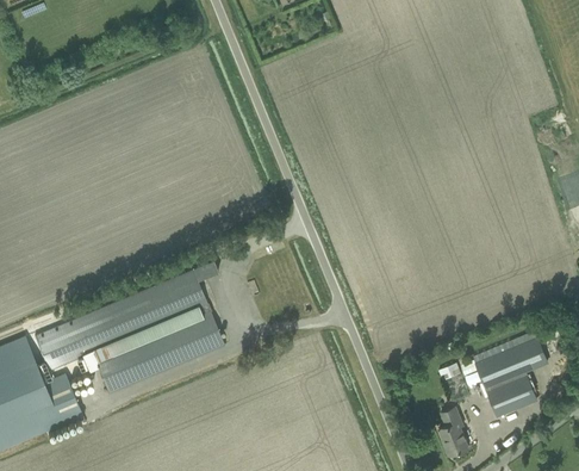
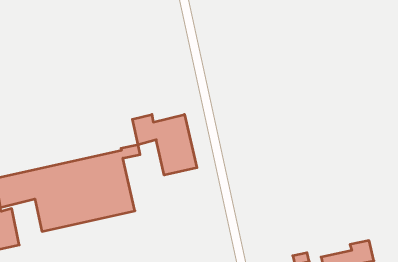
building: none -> [132,114,197,175]

